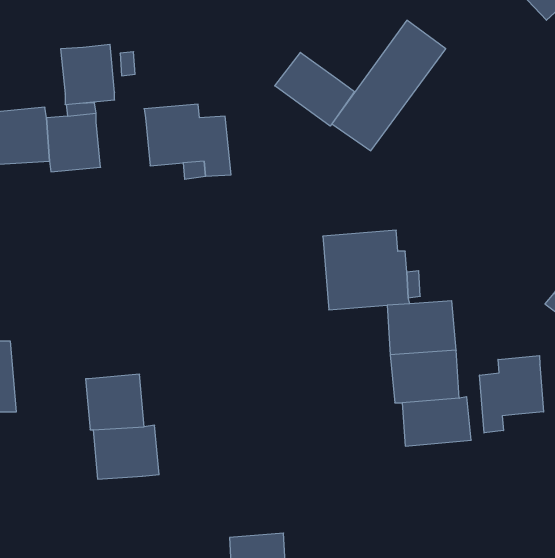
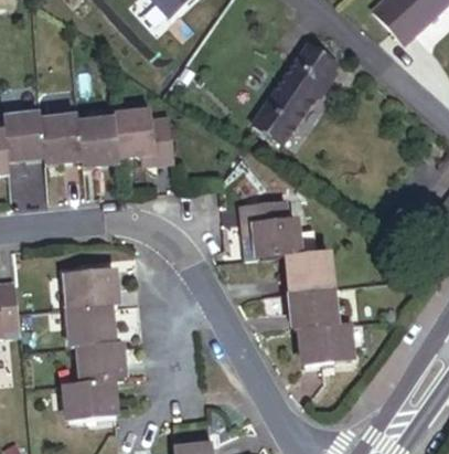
building: [61,44,115,104] -> [75,119,115,163]
building: [275,52,355,126] -> none
building: none -> [66,270,115,312]
building: [480,356,544,433] -> none
building: none -> [63,383,111,420]

